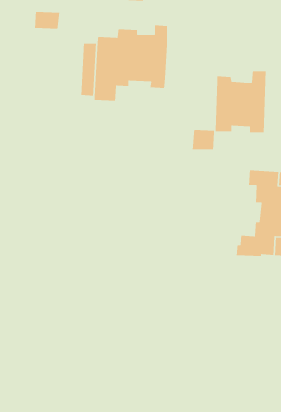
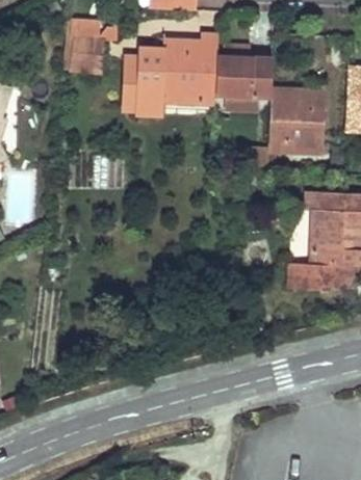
building: none -> [70,38,103,72]
building: none -> [215,56,272,111]

